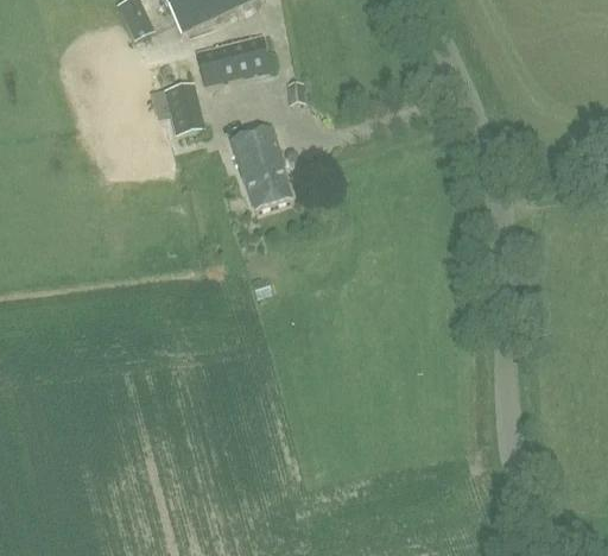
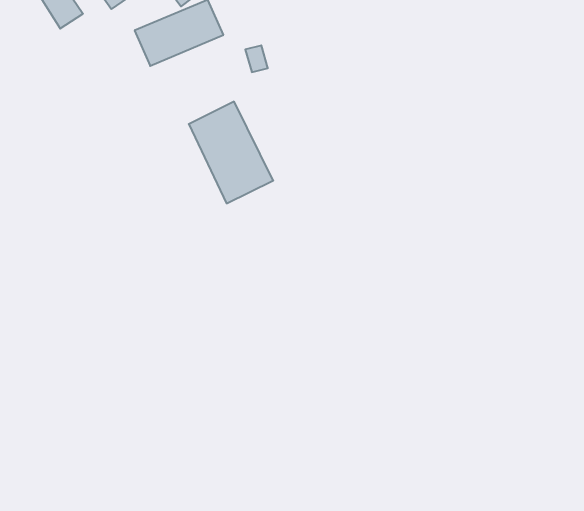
building: [163,82,205,137] -> none

